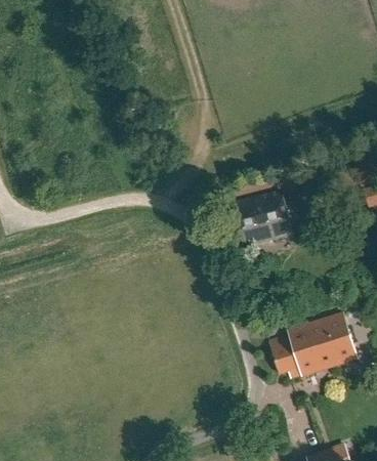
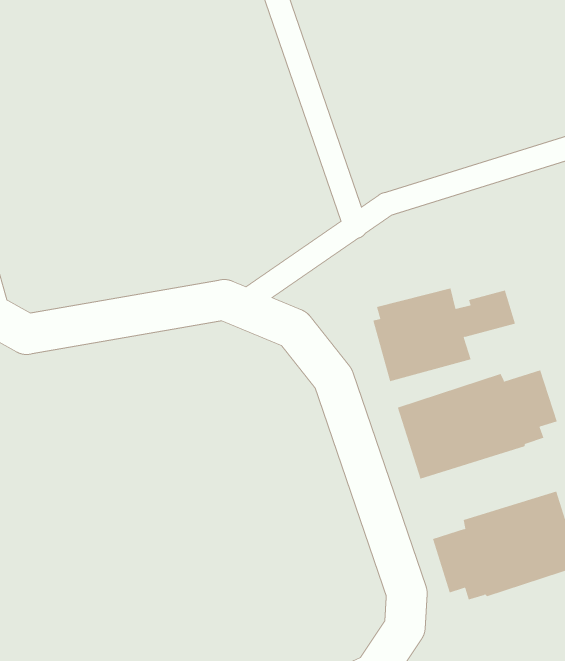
building: none -> [397,369,557,479]

